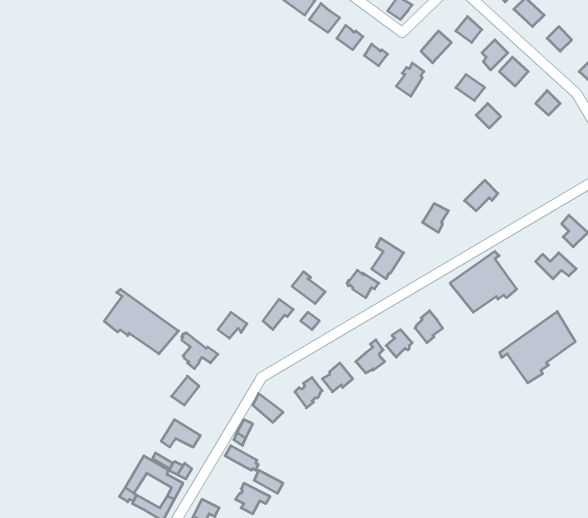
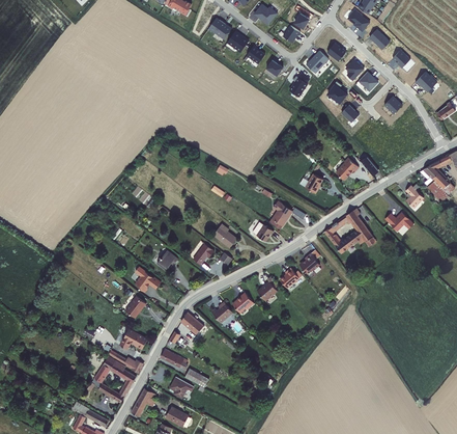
building: [104,289,179,354] -> none
building: [500,311,575,383] -> none

